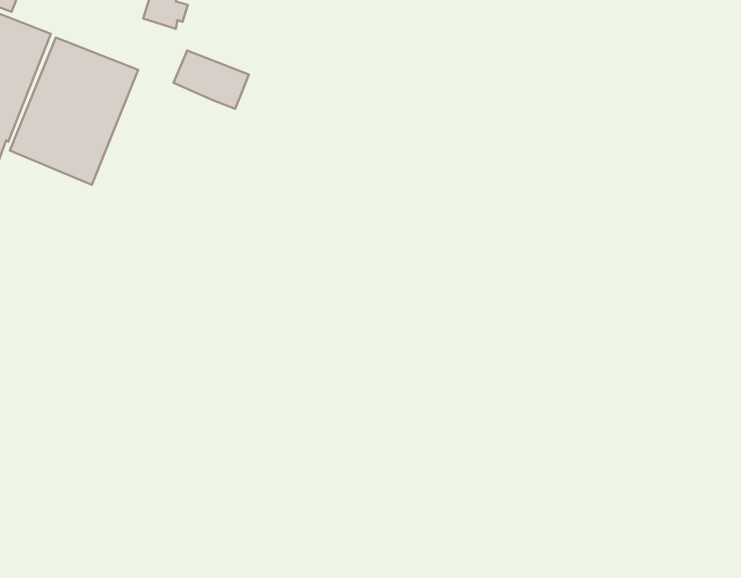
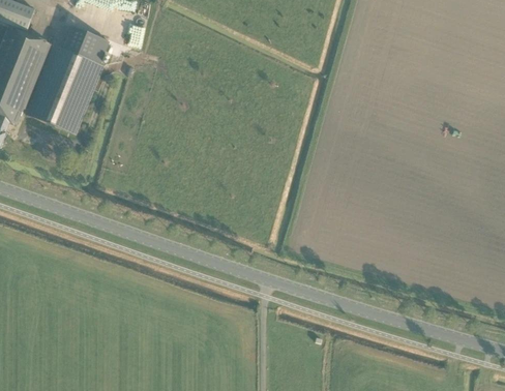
building: [173,50,249,109] -> [62,28,108,63]

